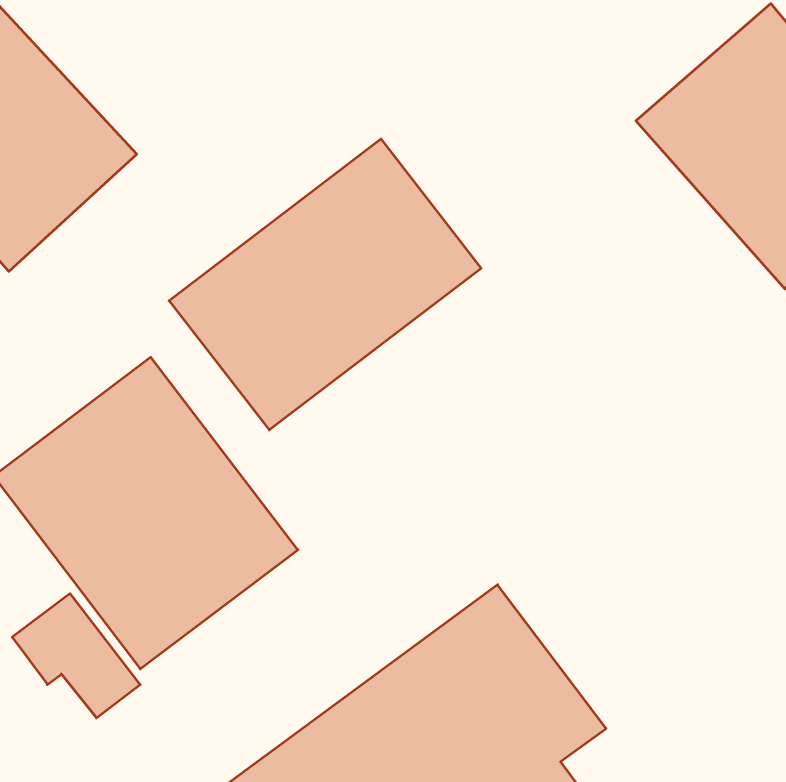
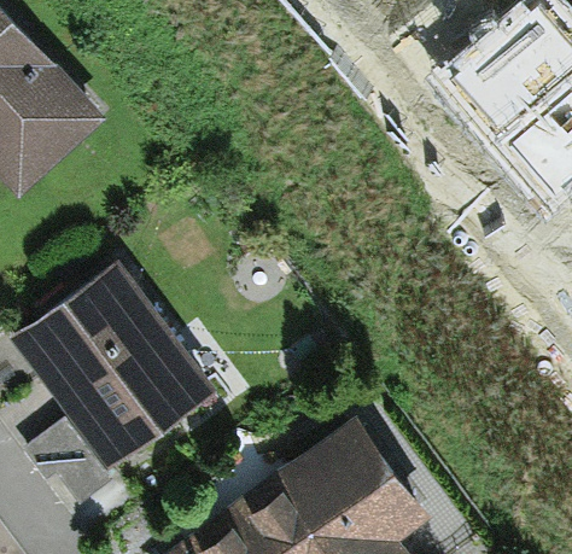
building: [169,139,481,430] -> none

